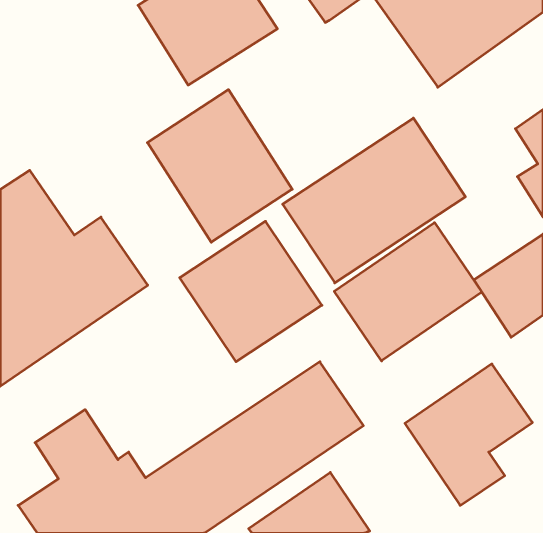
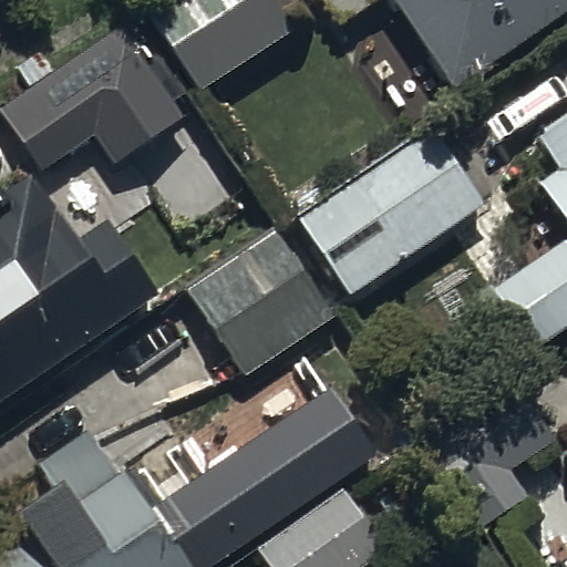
building: none -> [7,23,189,169]
building: [147,90,292,242] -> none
building: [334,223,482,361] -> none

